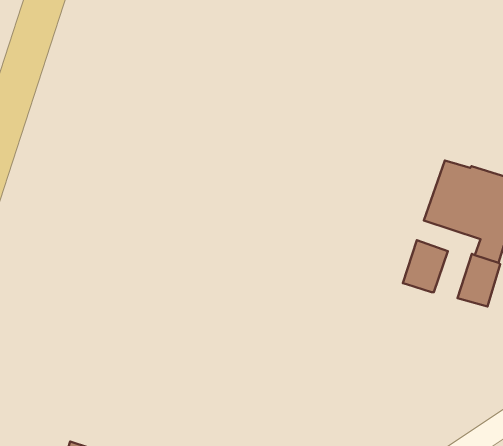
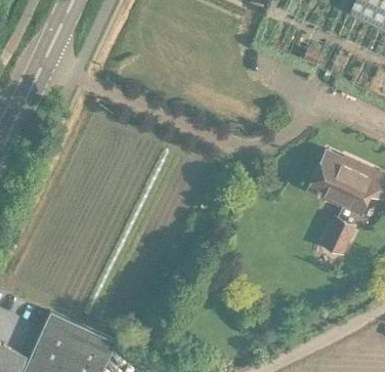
building: [403,240,448,292] -> none

